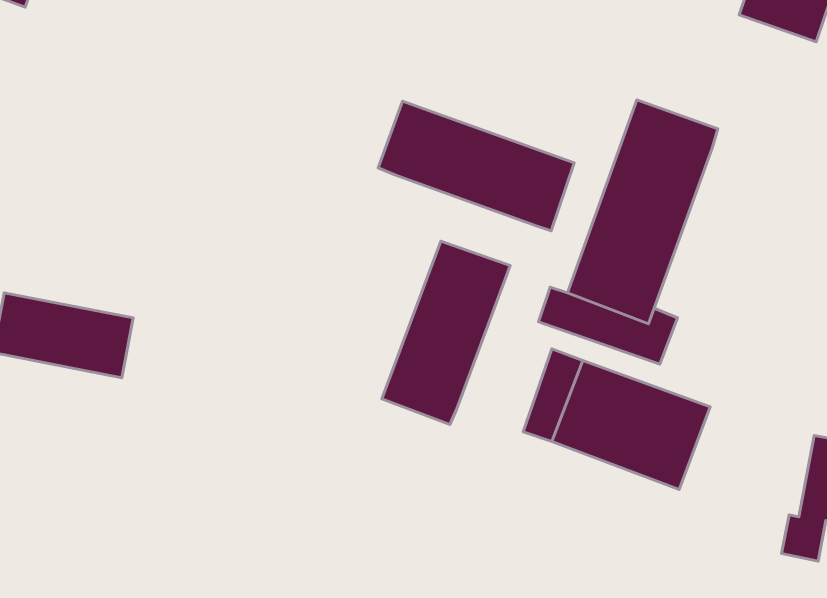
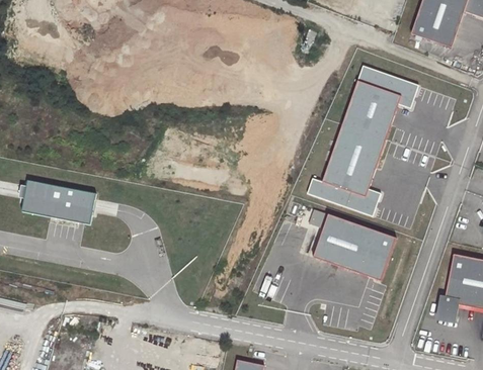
building: none -> [358,64,418,107]
building: [378,101,574,231] -> none
building: [382,241,510,425] -> none

